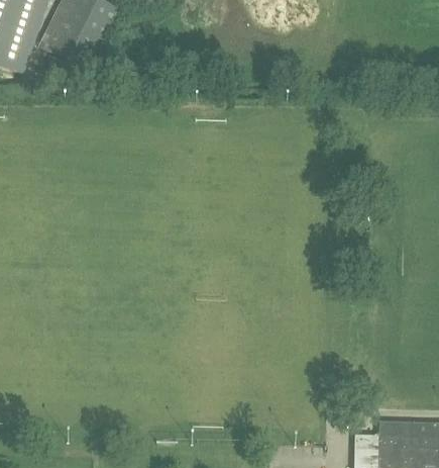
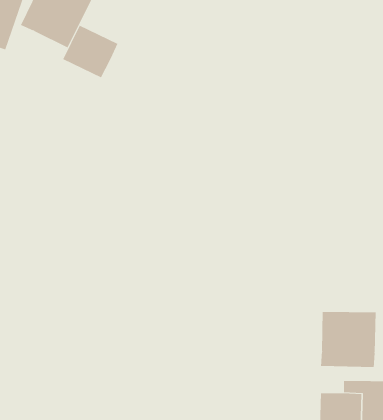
building: none -> [63,25,118,78]
building: none -> [321,311,376,368]

